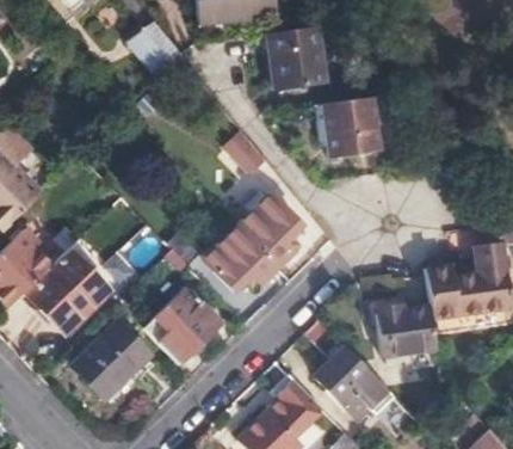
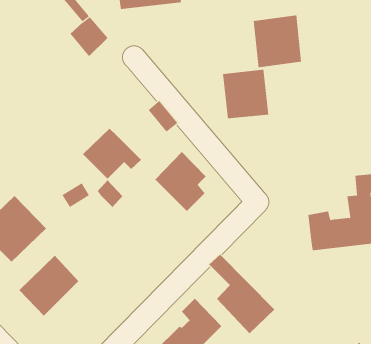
building: [267,25,327,90] -> [253,15,302,68]
building: [206,230,279,294] -> [82,128,142,180]
building: [144,290,218,365] -> none
building: [376,312,437,358] -> none

